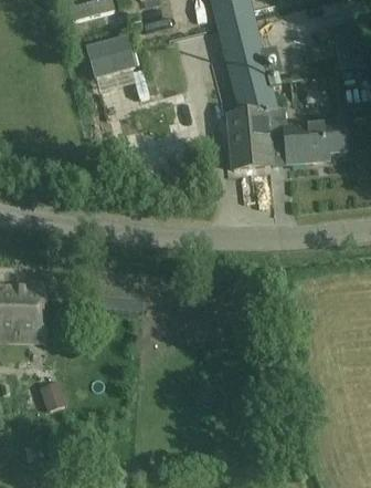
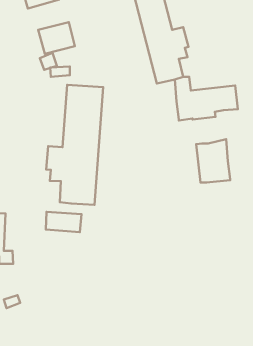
building: [225,112,269,168] -> [196,139,230,183]
building: none -> [46,85,103,205]

